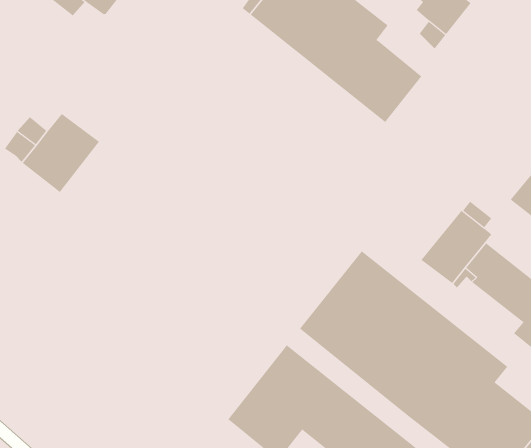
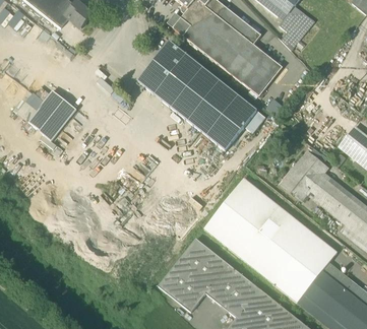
building: none -> [138,41,265,150]

